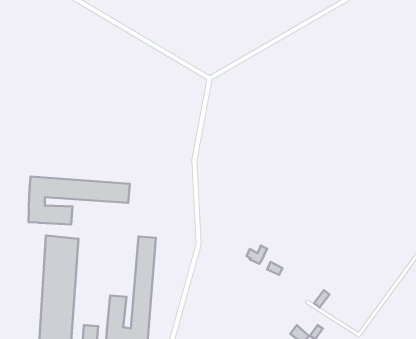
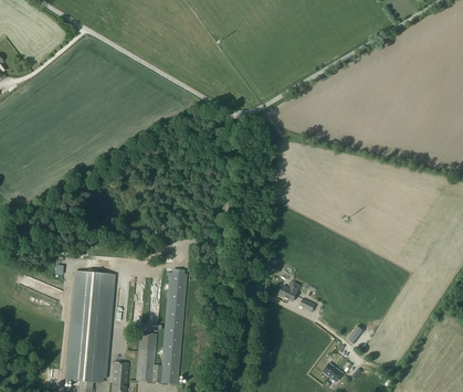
building: [28,177,130,224] -> none

